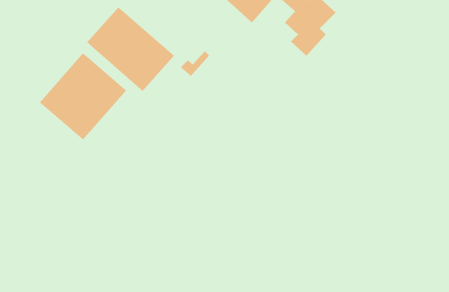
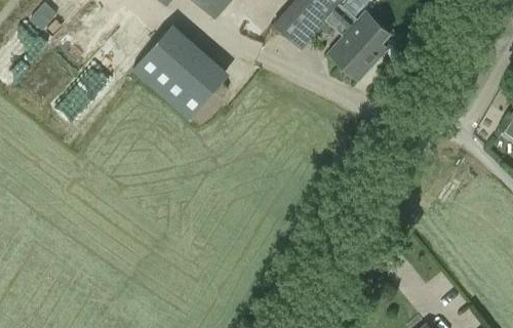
building: [39,52,127,141] -> none

